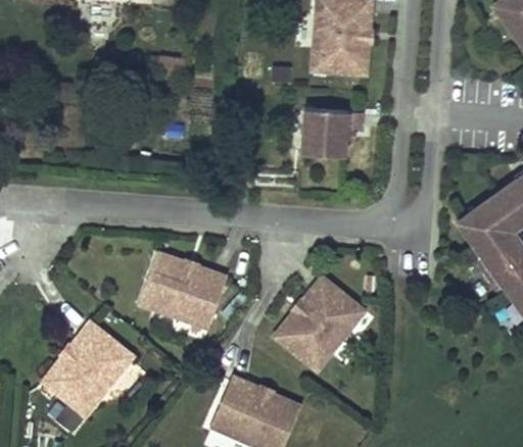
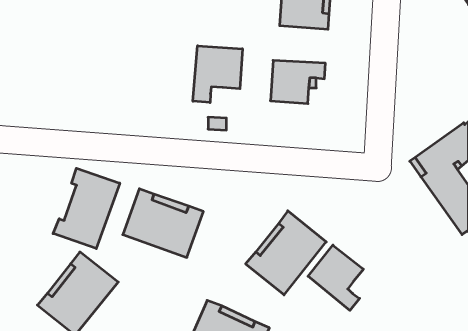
building: none -> [193,46,242,103]
building: none -> [53,168,120,249]
building: none -> [308,245,363,310]

